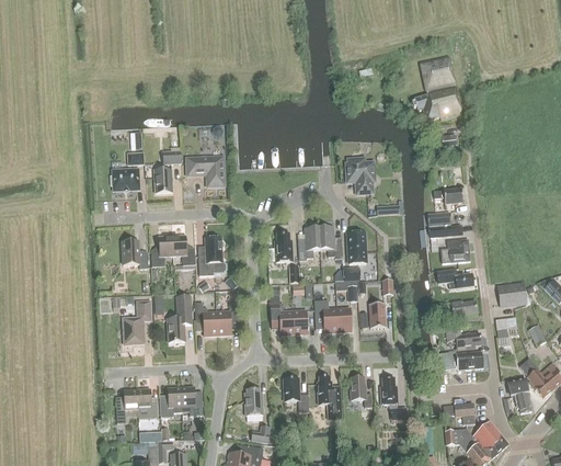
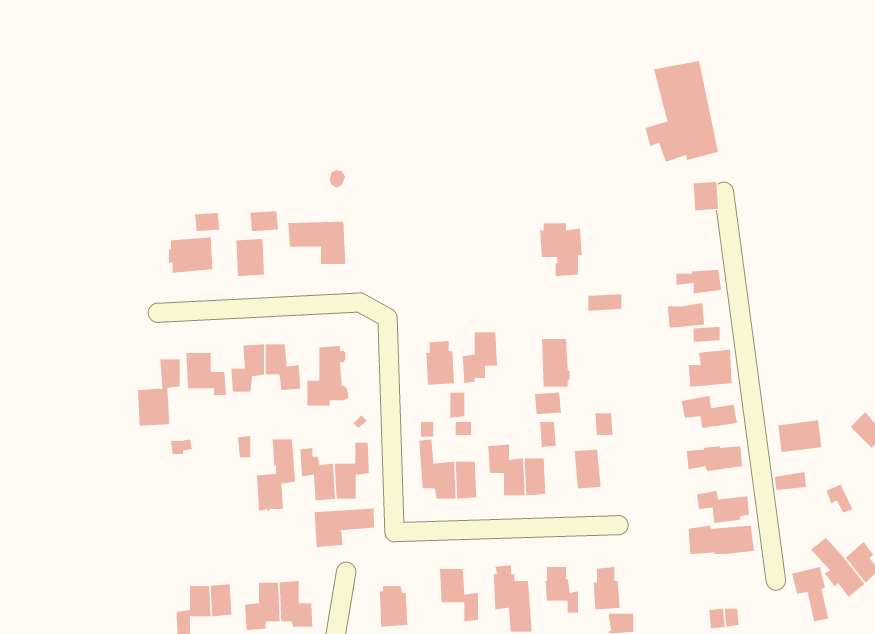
building: [319,224,342,258] -> none
building: [123,300,150,343] -> [137,359,180,426]
building: none -> [314,508,374,548]

